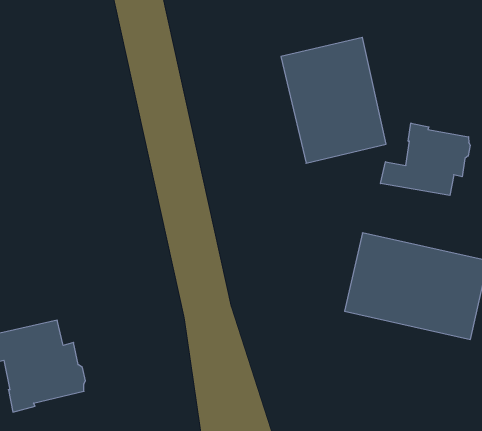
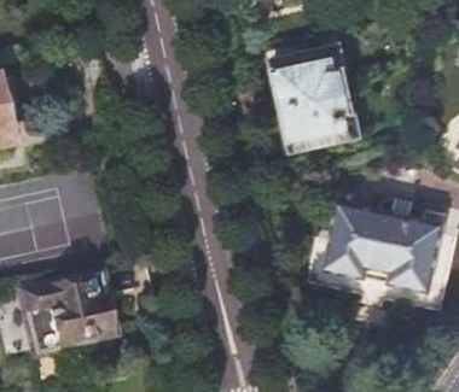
building: [381,123,470,195] -> none

